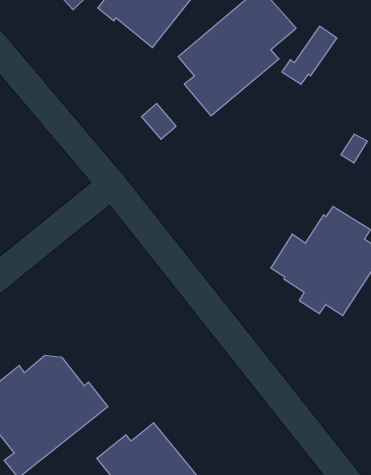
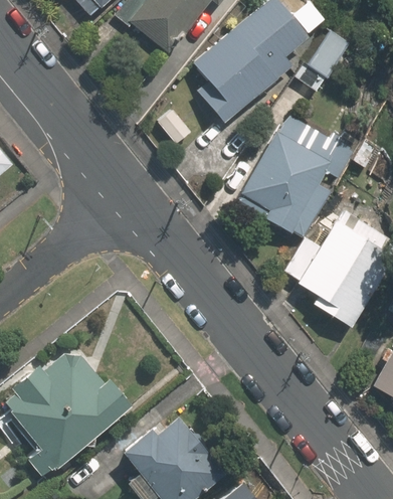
building: none -> [236,114,355,237]

